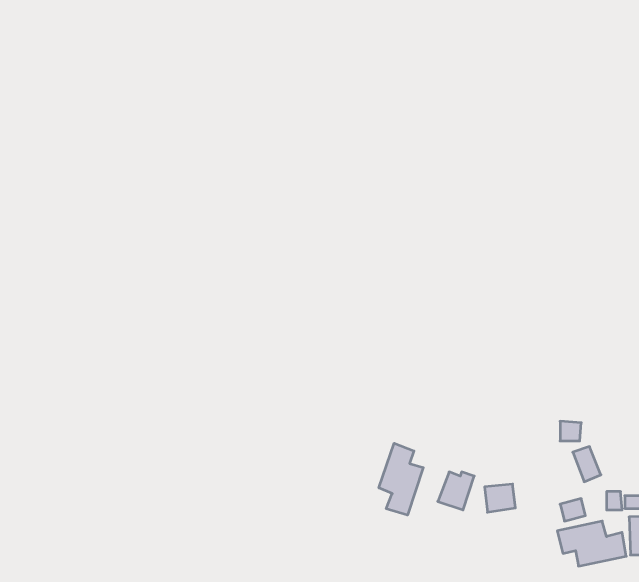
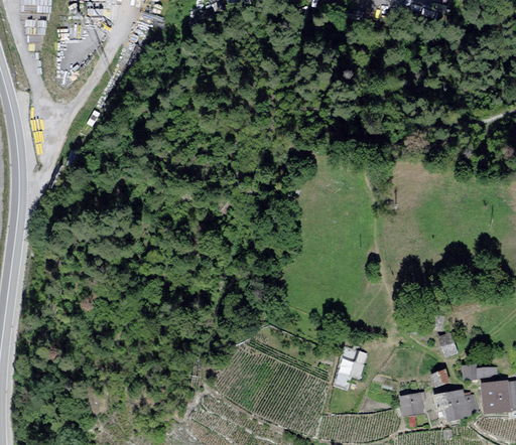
building: [379,443,423,515] -> none
building: [485,484,515,512] -> [398,392,420,412]

